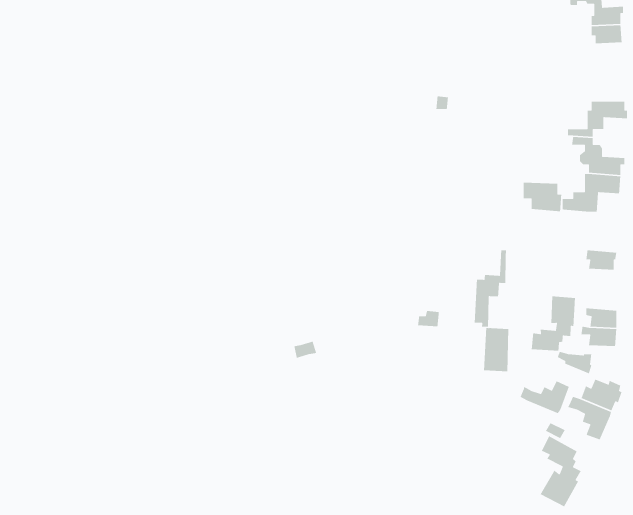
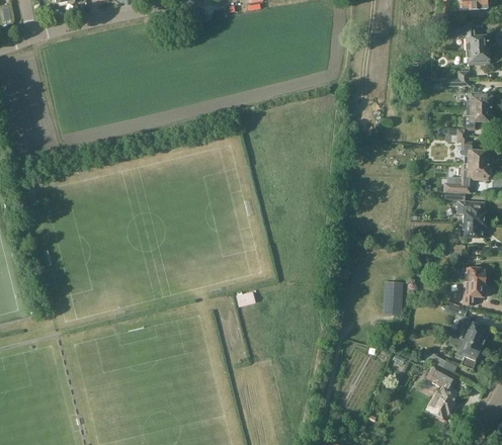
building: none -> [466,92,492,107]
building: [523,182,562,212] -> [456,200,487,224]
building: [474,249,507,327] -> none
building: [531,296,576,351] -> none
building: [519,380,570,414] -> none

